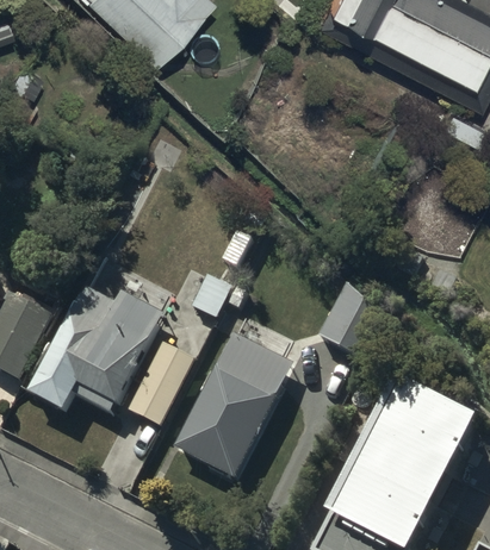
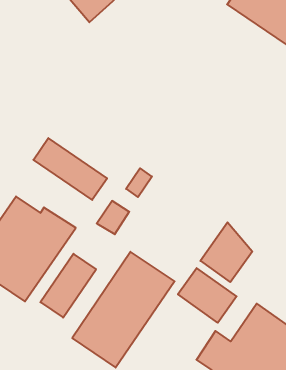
building: none -> [33,138,107,200]
building: none -> [178,268,237,323]

